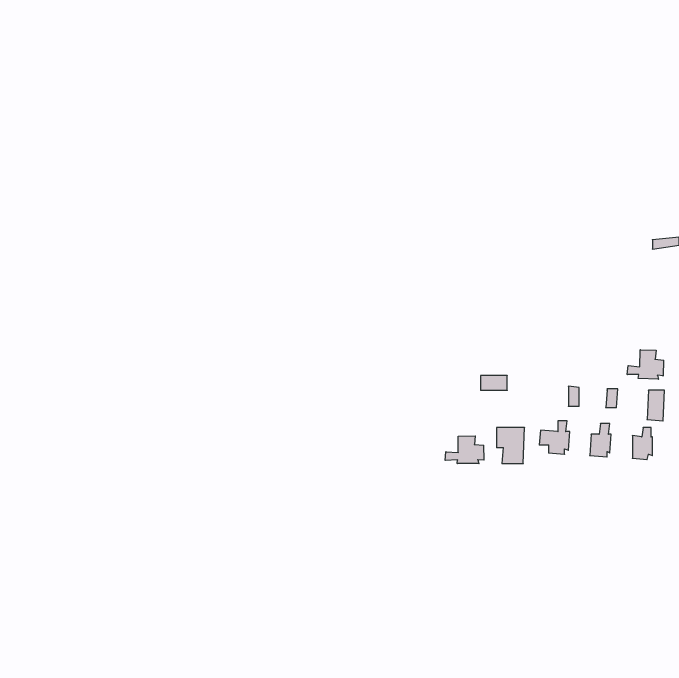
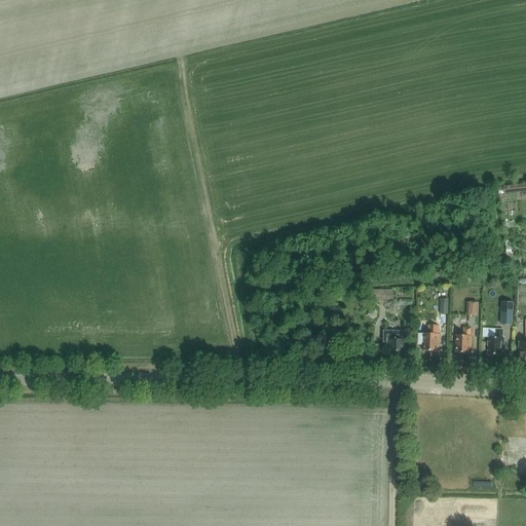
building: [627,350,664,379] -> none
building: [445,436,484,464] -> none

